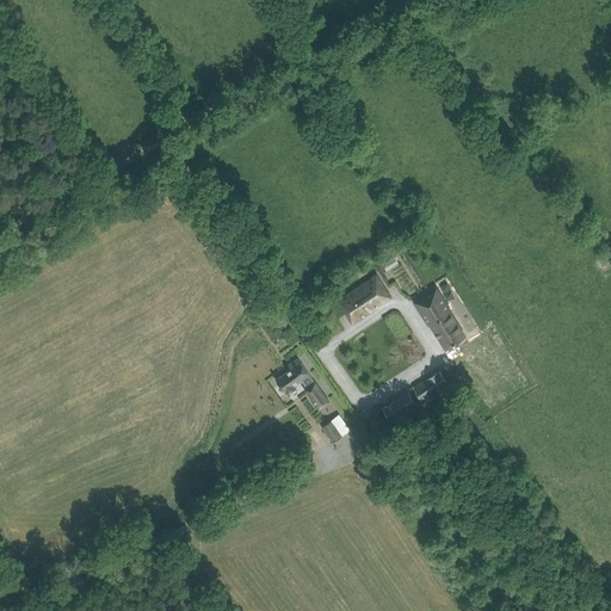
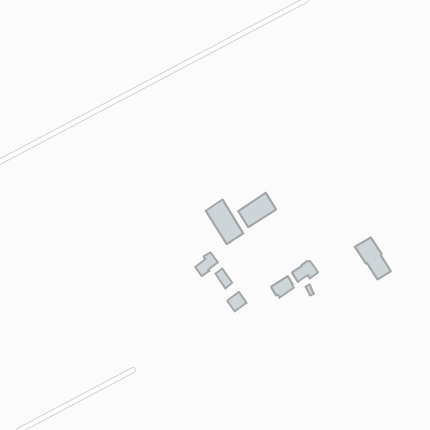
building: none -> [206,199,243,244]
building: [414,288,465,347] -> [355,237,391,279]

